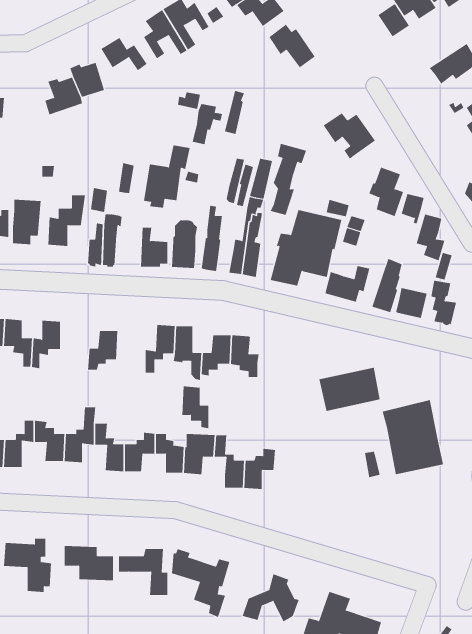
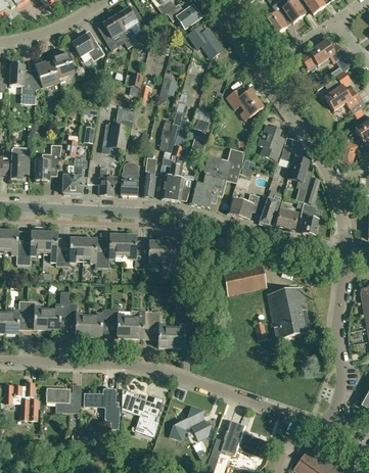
building: none -> [9,64,36,103]
building: none -> [44,232,63,266]
building: [181,386,209,429] -> [83,238,102,268]

